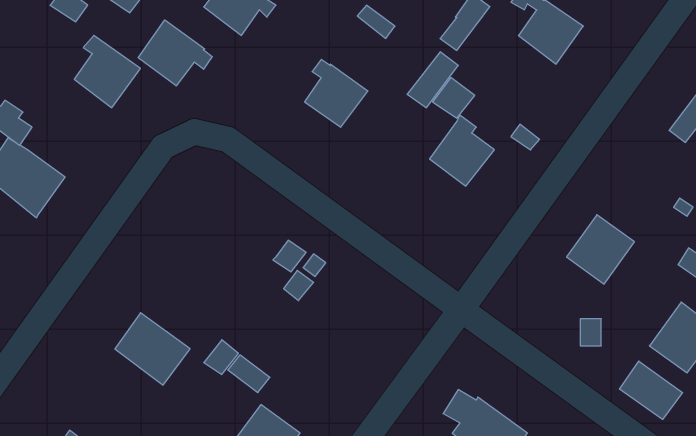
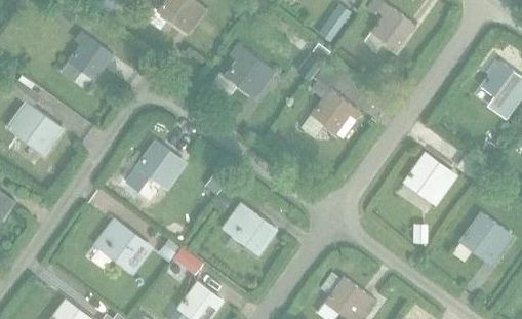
building: [138,20,212,86] -> none
building: none -> [126,142,183,192]
building: none -> [223,203,277,255]
building: [619,361,683,419] -> none

